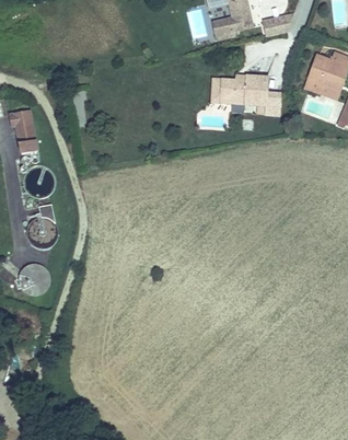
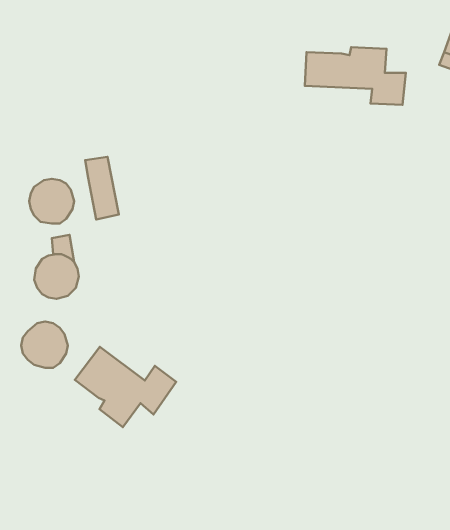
building: [13,109,36,152] -> [85,157,119,219]
building: none -> [75,347,176,427]

